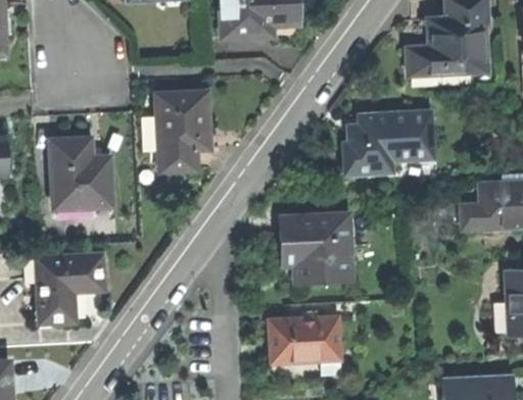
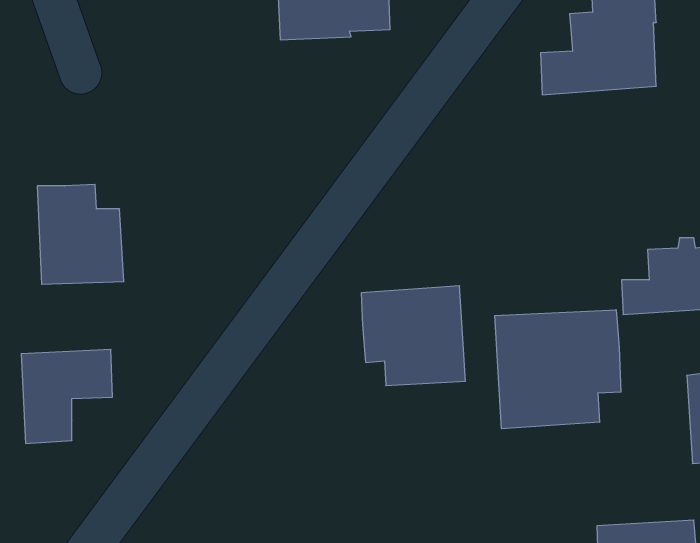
building: [154,92,209,173] -> none
building: [342,106,431,171] -> none
building: none -> [495,310,621,429]
building: [268,315,341,374] -> none

